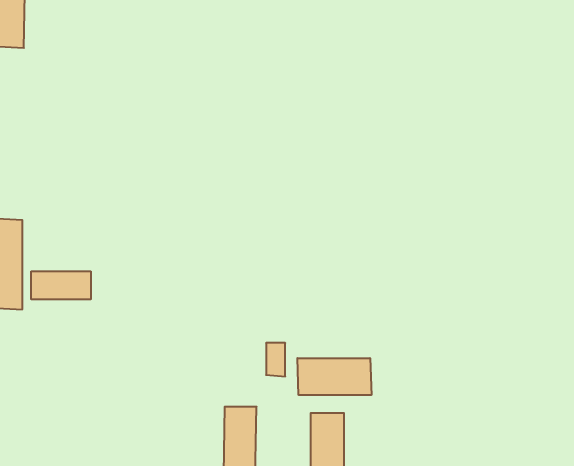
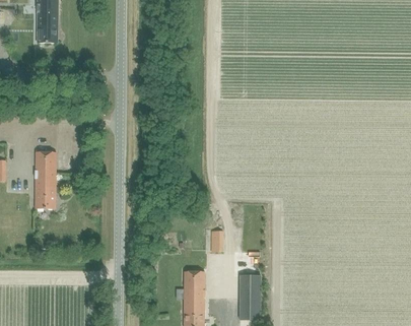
building: [31,271,91,299] -> none
building: [297,358,371,395] -> none

